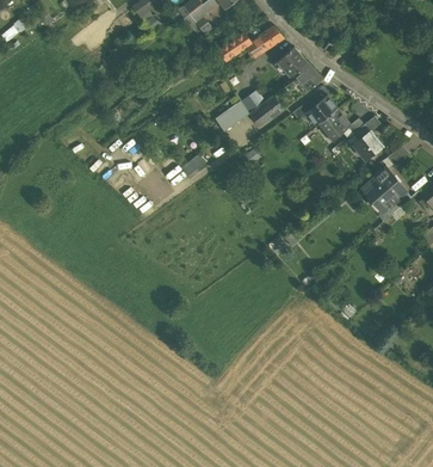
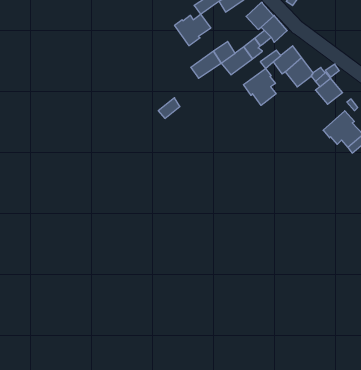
building: none -> [175,14,211,46]
building: none -> [243,68,276,105]

